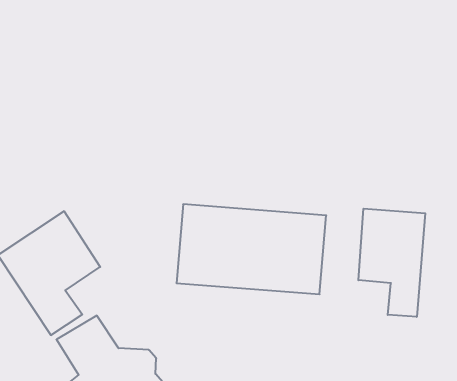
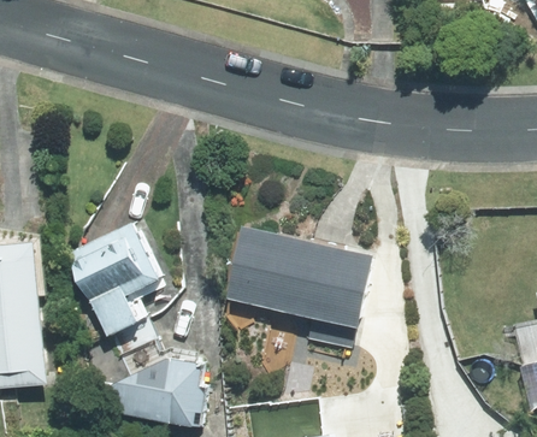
building: [358,209,425,317] -> none

